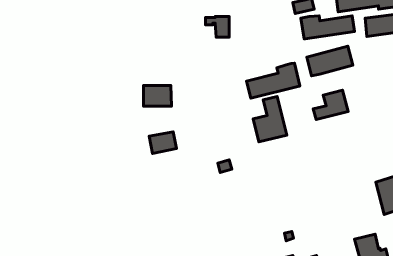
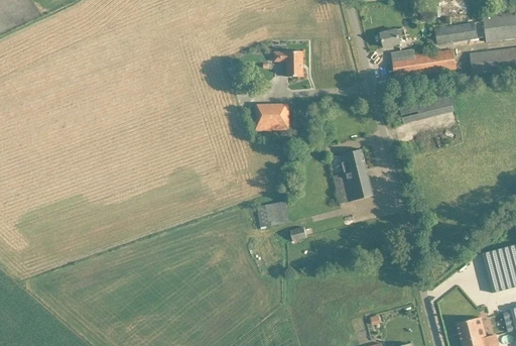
building: [246,63,300,98] -> none
building: [144,85,172,106] -> [255,104,289,129]
building: [313,90,348,120] -> none
building: [149,132,176,153] -> [256,201,289,227]

